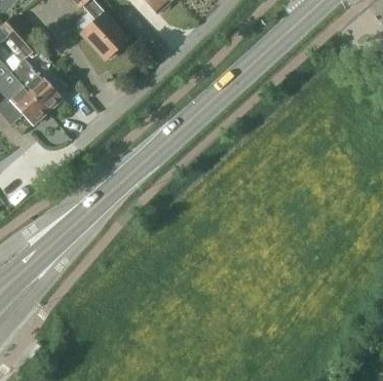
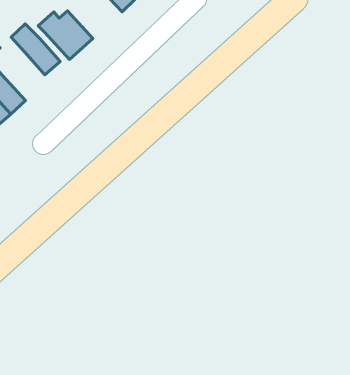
building: none -> [11,24,60,75]

